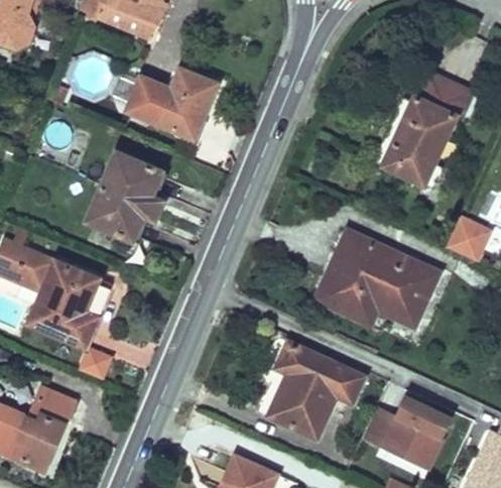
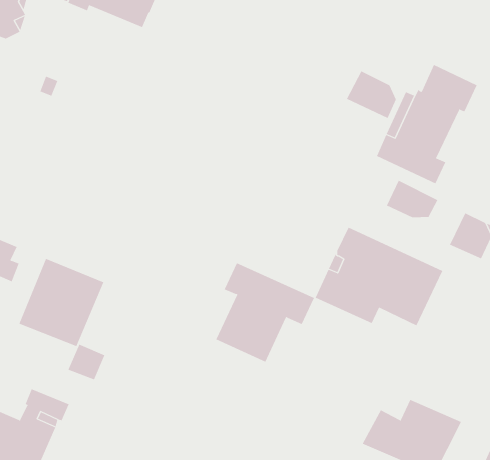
building: [128,69,217,137] -> none
building: none -> [346,70,396,119]
building: [88,152,164,241] -> none
building: none -> [386,180,438,218]
building: [268,342,364,439] -> [216,262,315,363]

